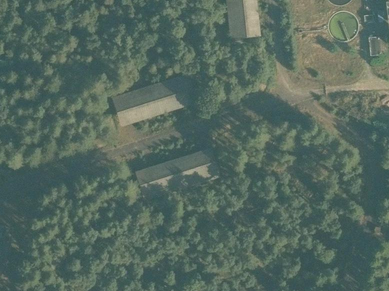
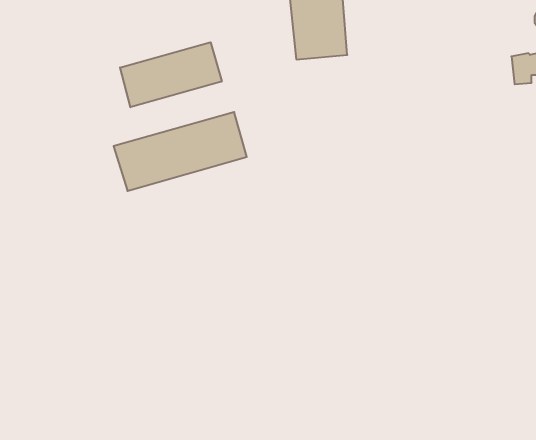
building: none -> [120,42,222,107]
building: [135,149,219,195] -> none

